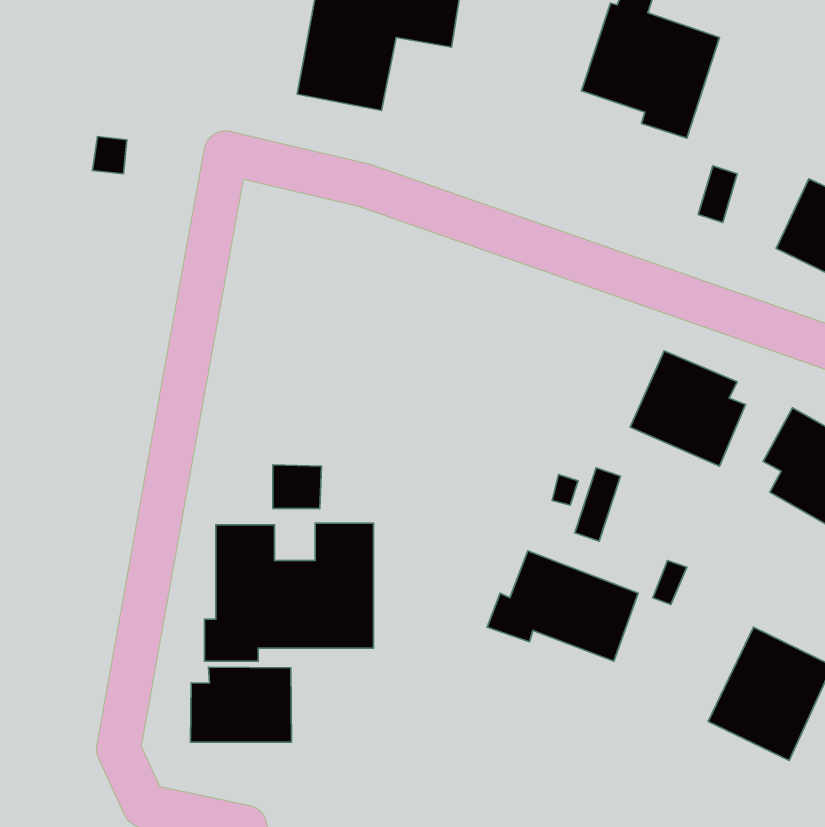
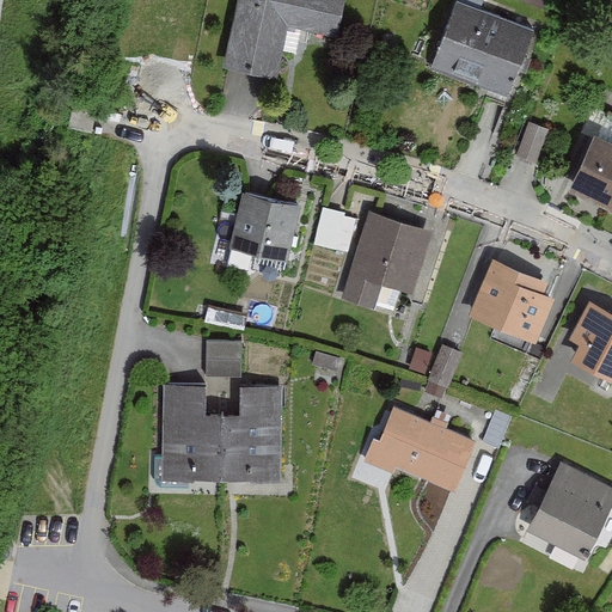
building: none -> [230,196,295,262]
building: none -> [316,209,356,253]
building: none -> [343,213,430,306]
building: [190,667,291,742] -> none

